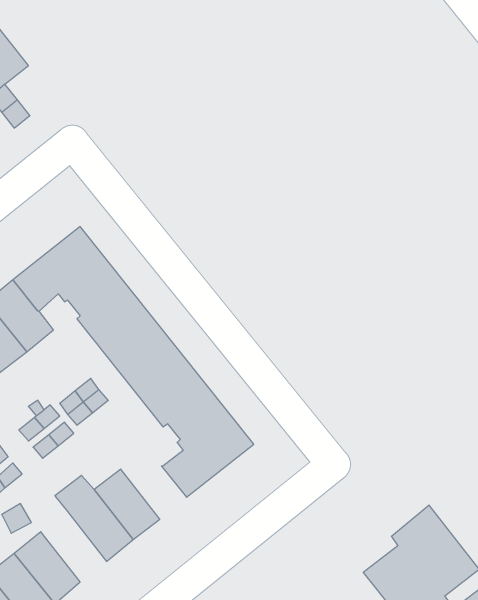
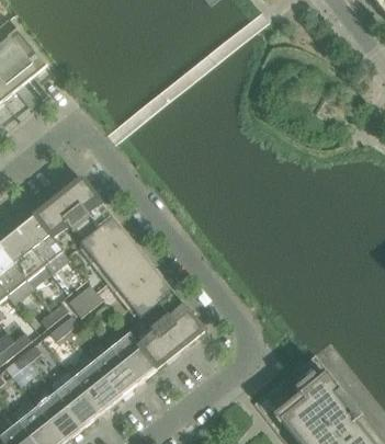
building: none -> [110,331,156,382]
building: none -> [54,376,100,425]

